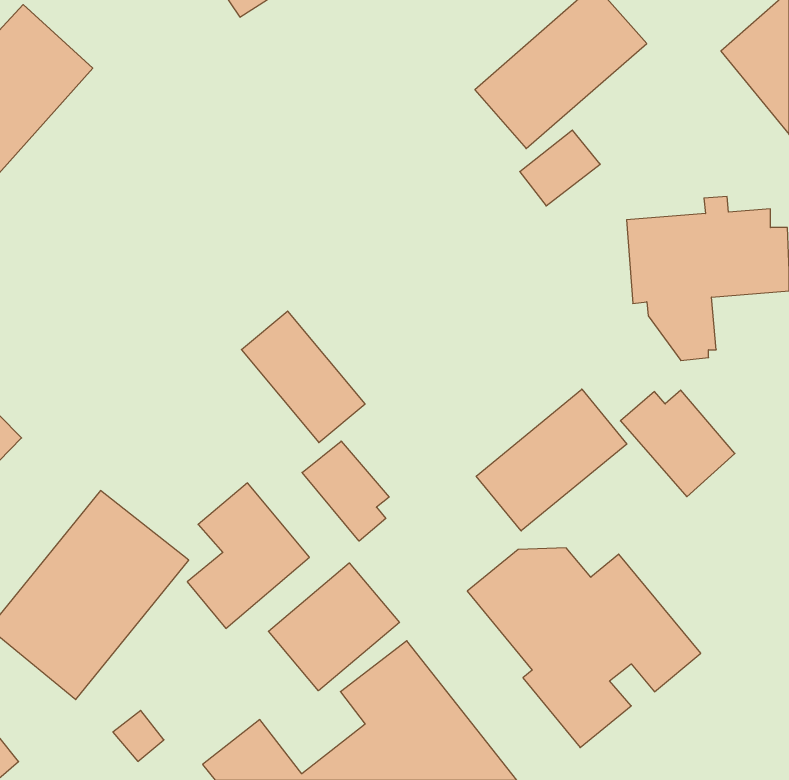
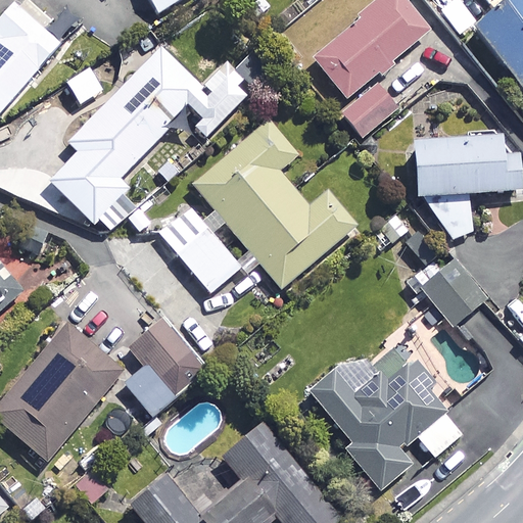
building: none -> [51,45,255,223]
building: none -> [194,118,355,287]
building: [476,389,627,531] -> none
building: [302,441,389,541] -> none
building: [268,563,399,691] -> none

